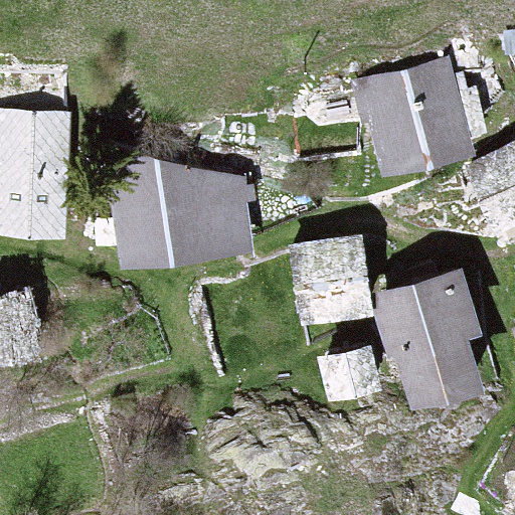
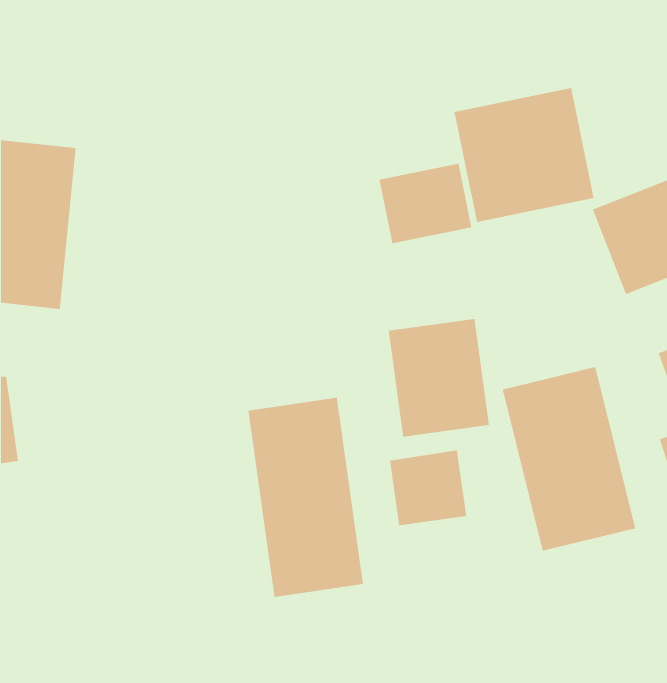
building: none -> [378,163,472,244]
building: [111,152,249,265] -> none
building: none -> [247,397,364,598]

